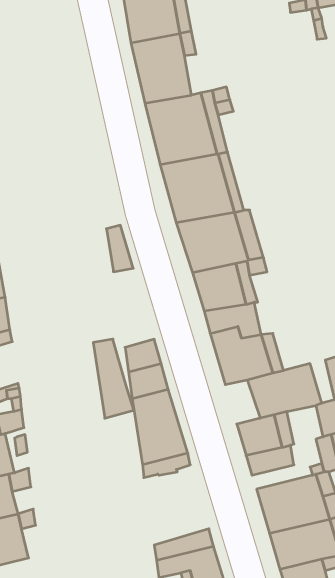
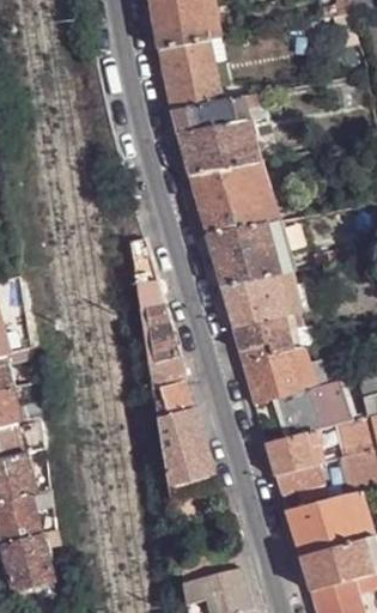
building: [93,339,134,418] -> [139,284,181,365]

